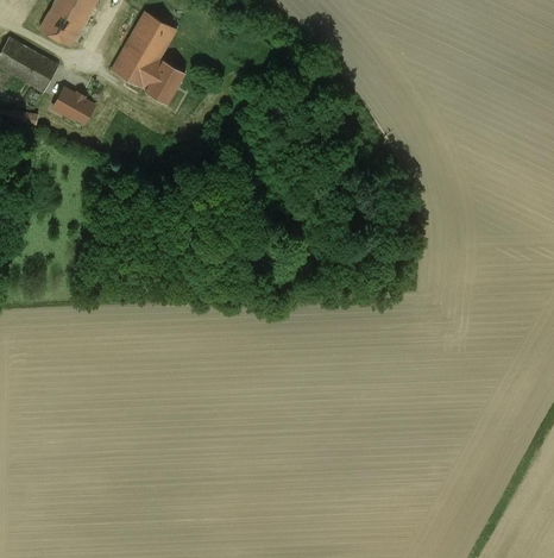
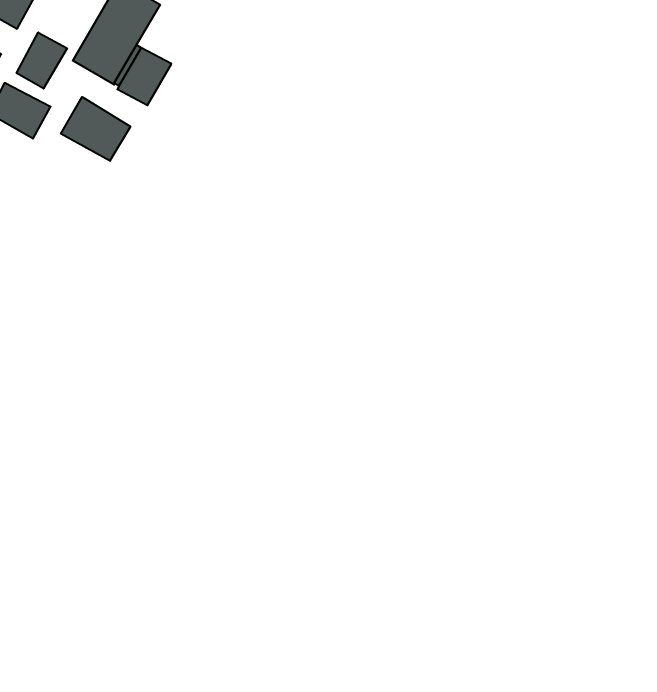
building: none -> [17,32,67,89]
building: none -> [61,97,130,161]

